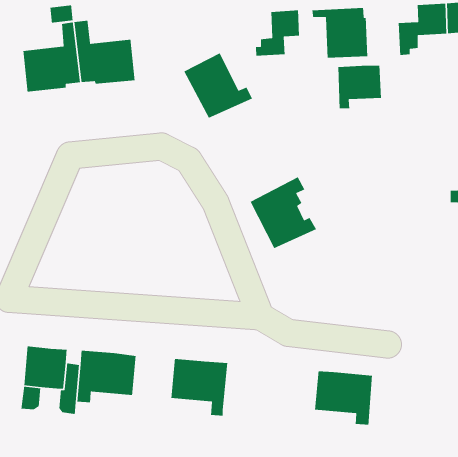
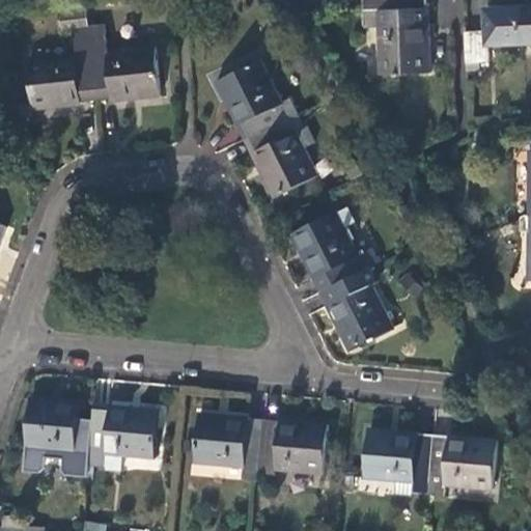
building: [255,9,300,56] -> none
building: [337,65,382,109] -> none
building: none -> [242,117,312,199]
building: none -> [317,268,389,348]
building: none -> [259,421,329,478]
building: none -> [427,436,495,495]

